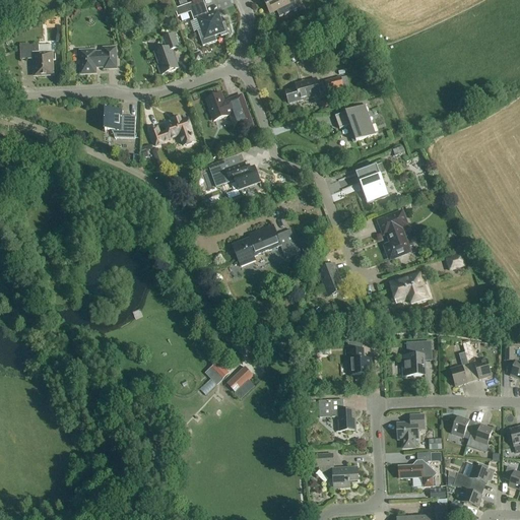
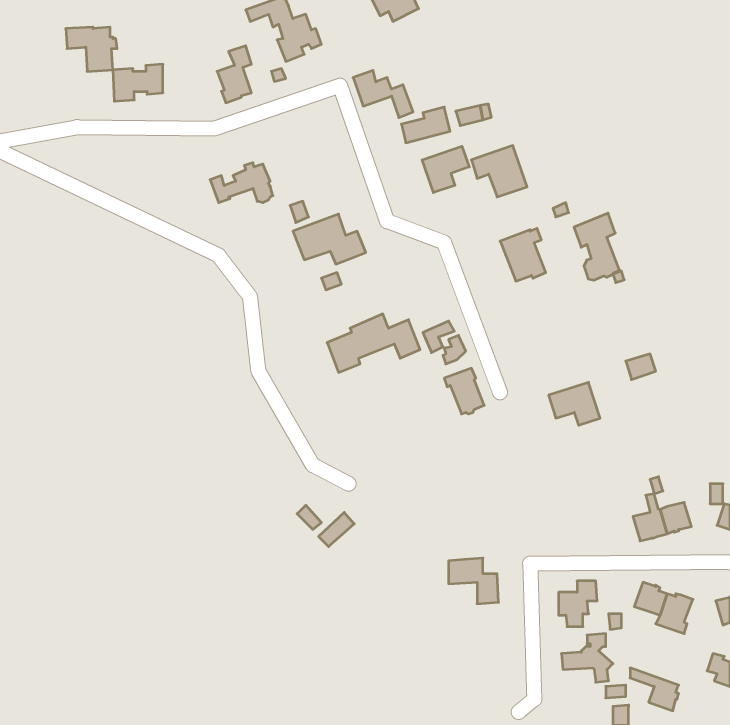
building: [19,43,56,74] -> [66,27,117,71]
building: [207,92,250,126] -> [353,70,413,118]
building: none -> [422,146,469,193]
building: [104,109,135,137] -> none
building: [378,209,410,257] -> [574,213,620,280]
building: [345,340,371,373] -> none
building: [401,340,433,375] -> none
building: [316,452,358,486] -> none
building: [448,462,494,488] -> none

